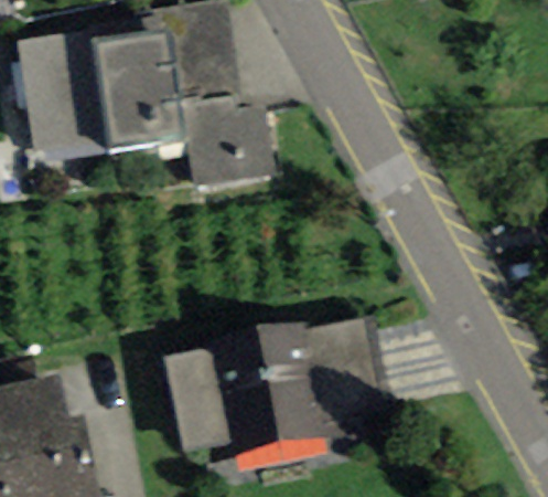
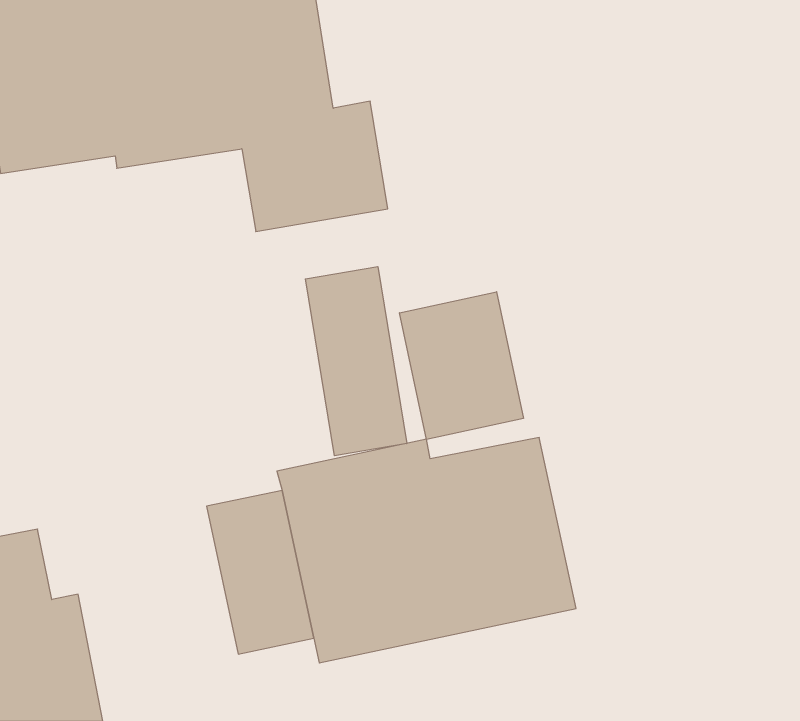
building: none -> [305,267,407,456]
building: none -> [400,292,523,439]

